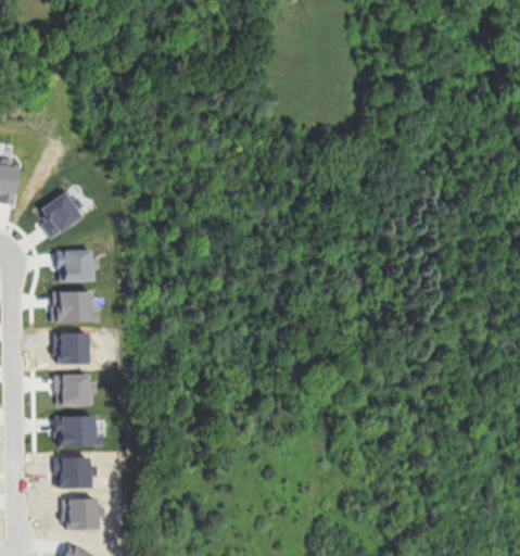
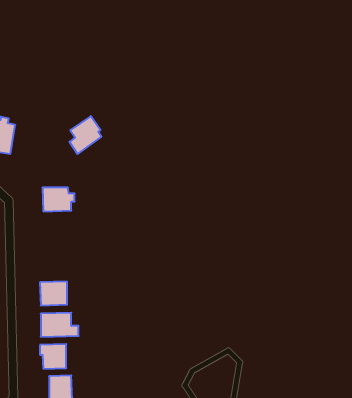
building: [40,189,83,239] -> [69,116,101,154]
building: [52,290,100,321] -> none
building: [59,332,88,364] -> none

